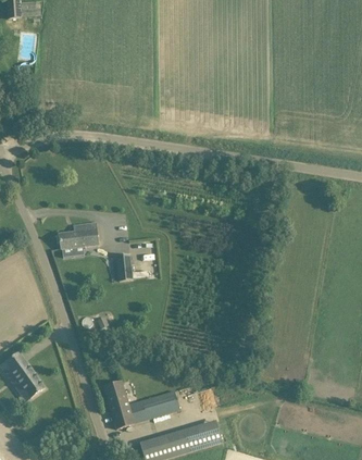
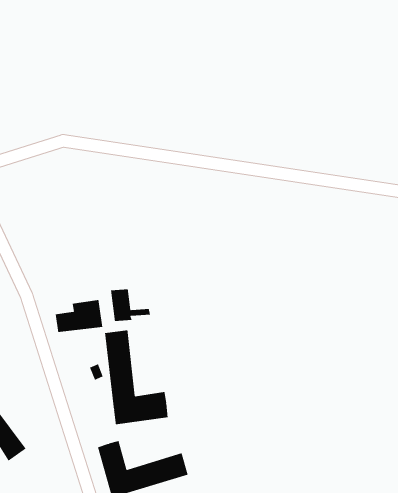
building: [58,222,98,249] -> [55,300,103,332]
building: none -> [105,329,168,425]

